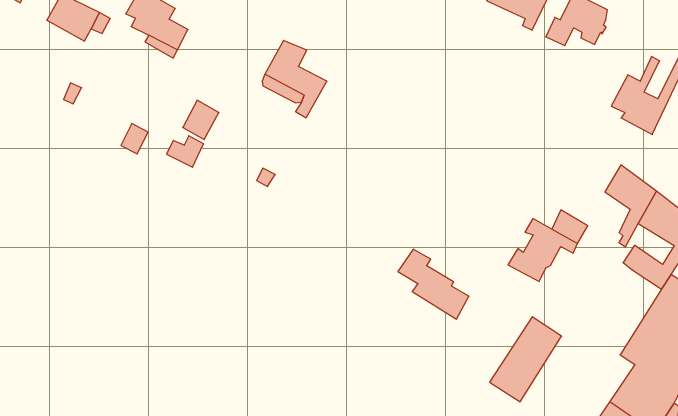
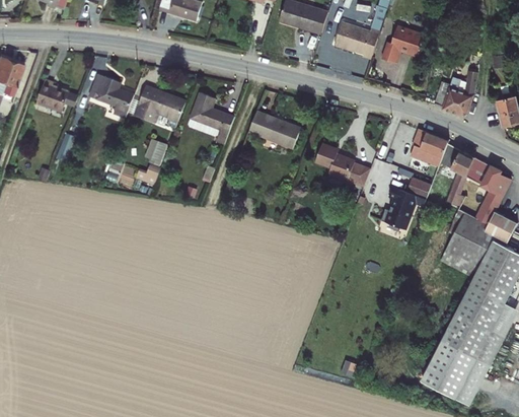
building: none -> [134,84,187,127]
building: none -> [246,108,301,147]
building: none -> [410,126,447,163]
building: [398,249,469,319] -> [316,140,368,184]
building: [490,317,562,402] -> [443,212,488,272]

